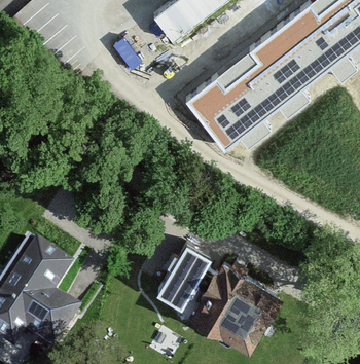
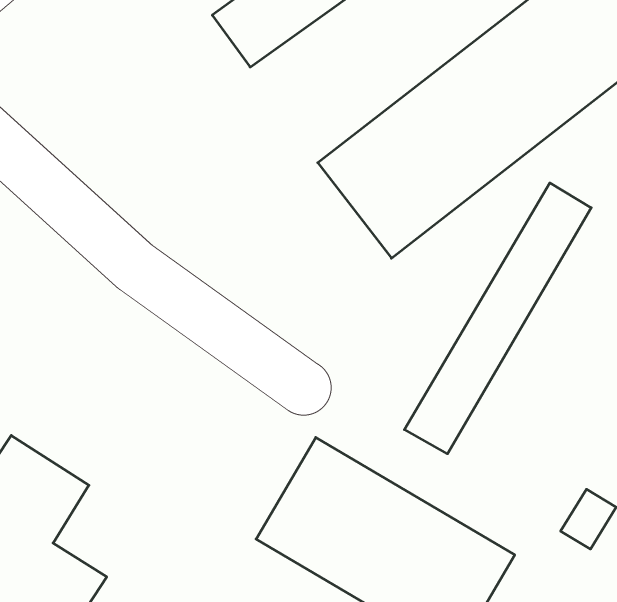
building: none -> [404,183,591,454]

